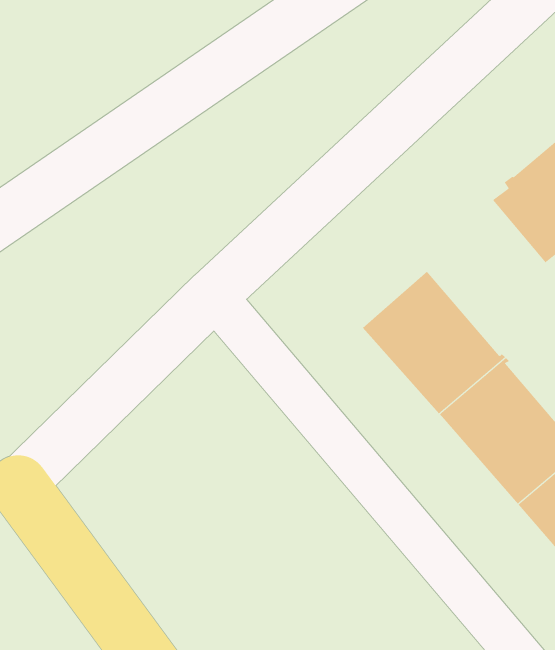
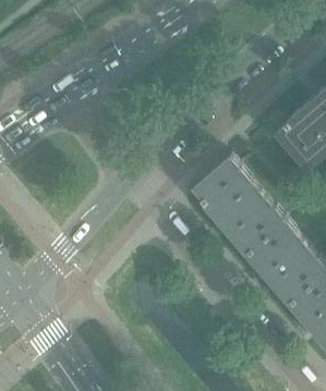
building: none -> [195,158,241,206]

